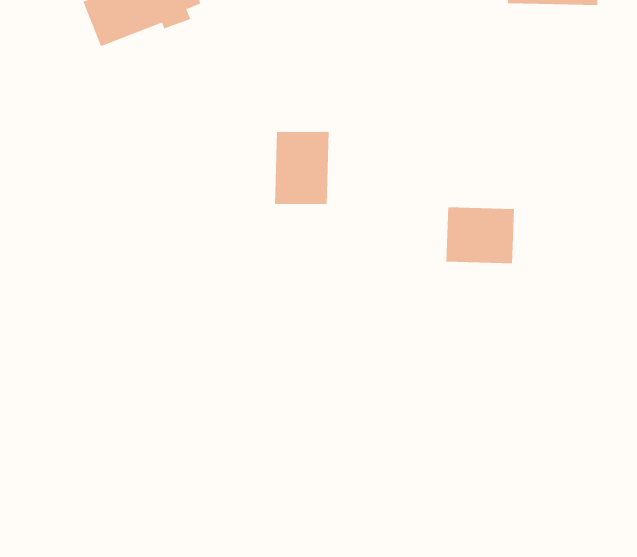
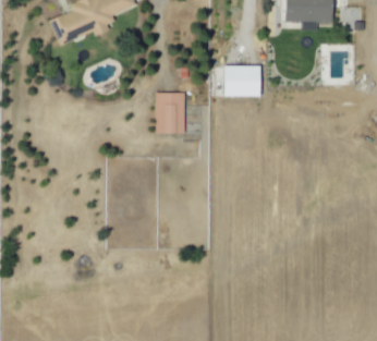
building: [446,207,515,264] -> [221,66,259,98]

